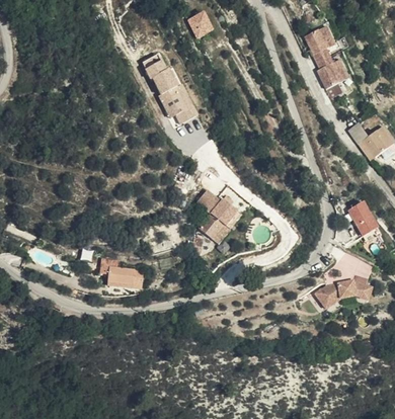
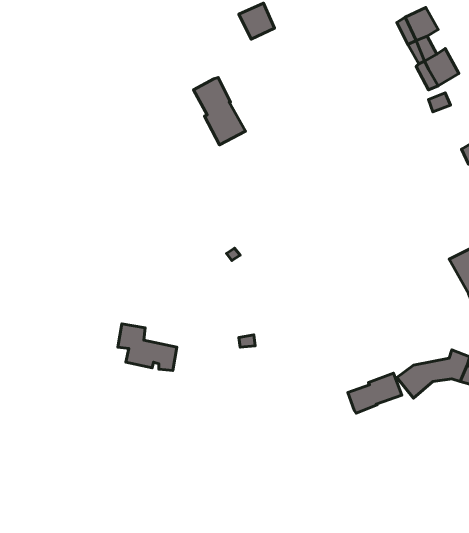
building: [145,58,171,84] -> none
building: [199,190,243,246] -> none
building: none -> [348,373,402,413]

